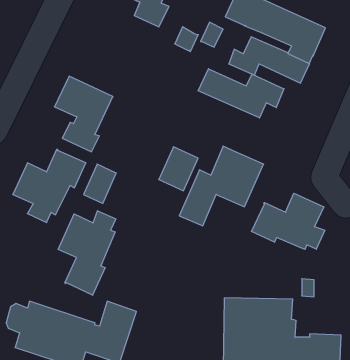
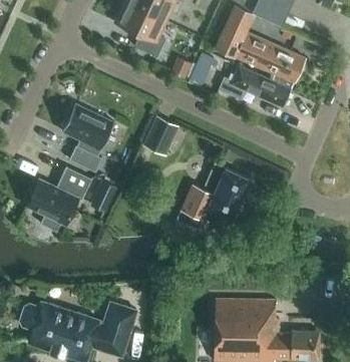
building: [198,69,284,118] -> none
building: [159,147,198,191] -> [143,117,179,156]
building: [251,193,325,249] -> none
building: [58,211,116,295] -> none

